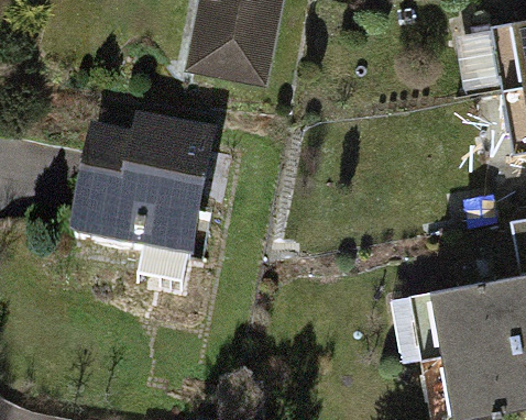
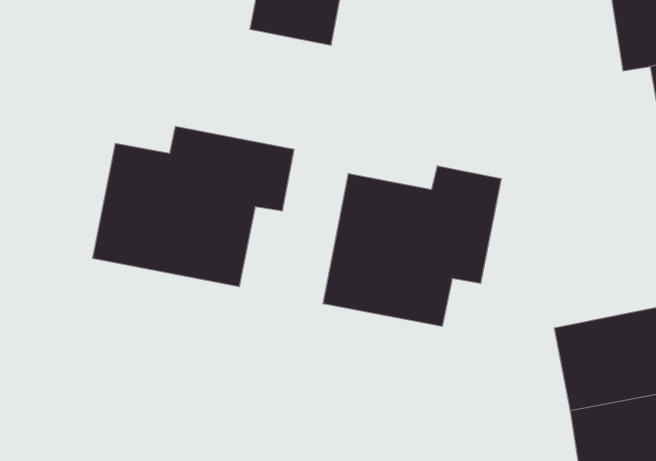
building: none -> [323,166,501,326]

